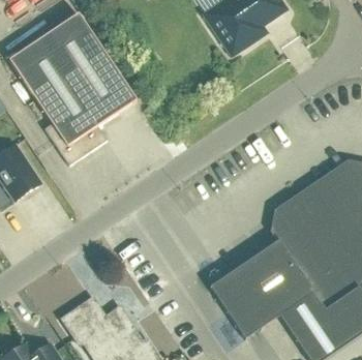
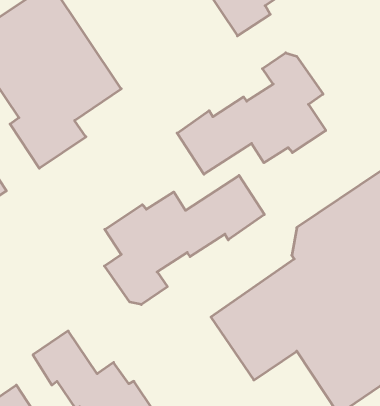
building: none -> [177,53,326,174]
building: none -> [104,175,264,305]

